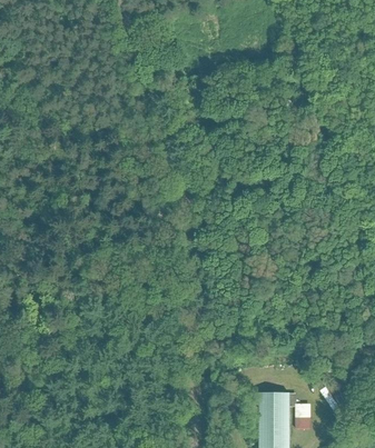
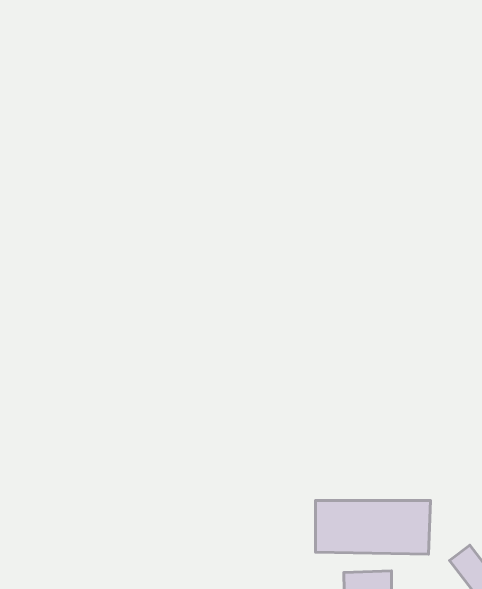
building: none -> [315,501,431,554]

